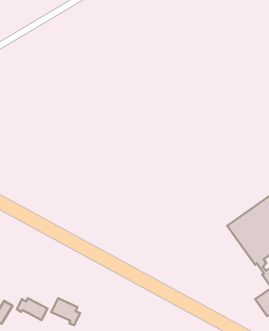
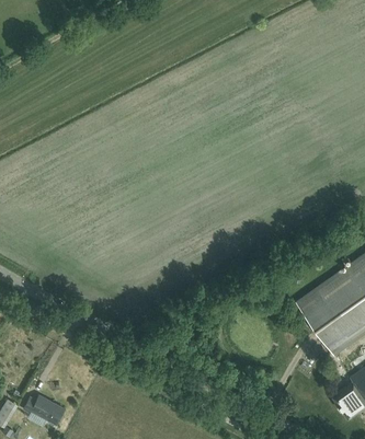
building: [51,298,80,325] -> none

